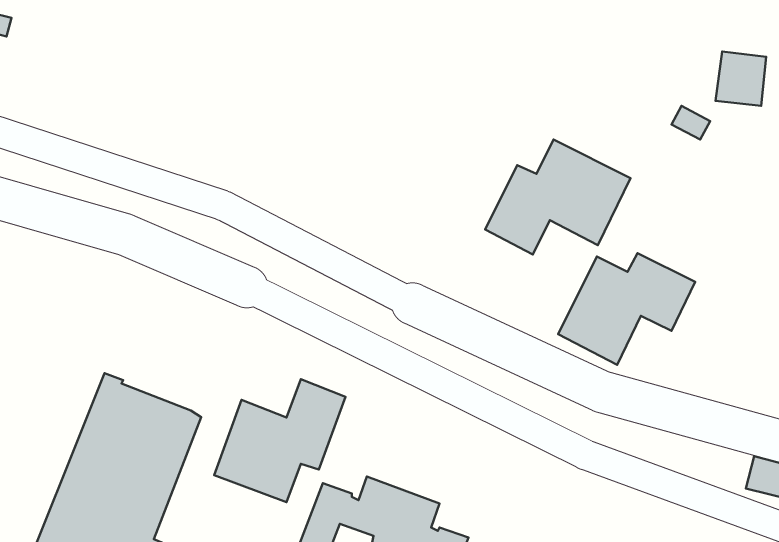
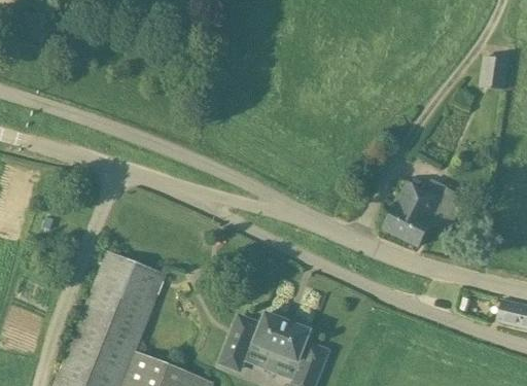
building: [485,140,631,254] -> none
building: [214,379,346,502] -> none

